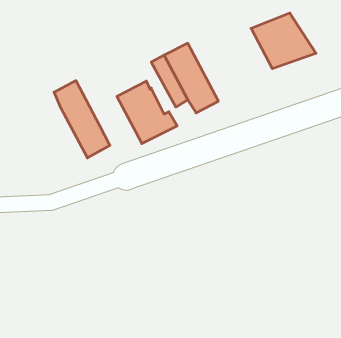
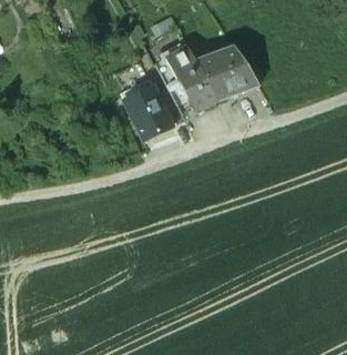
building: [251,13,316,69] -> [196,47,257,99]
building: [54,81,110,158] -> none

